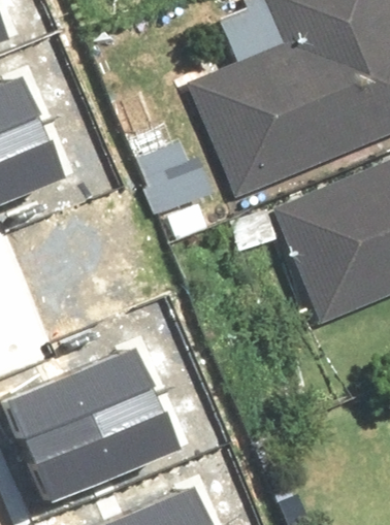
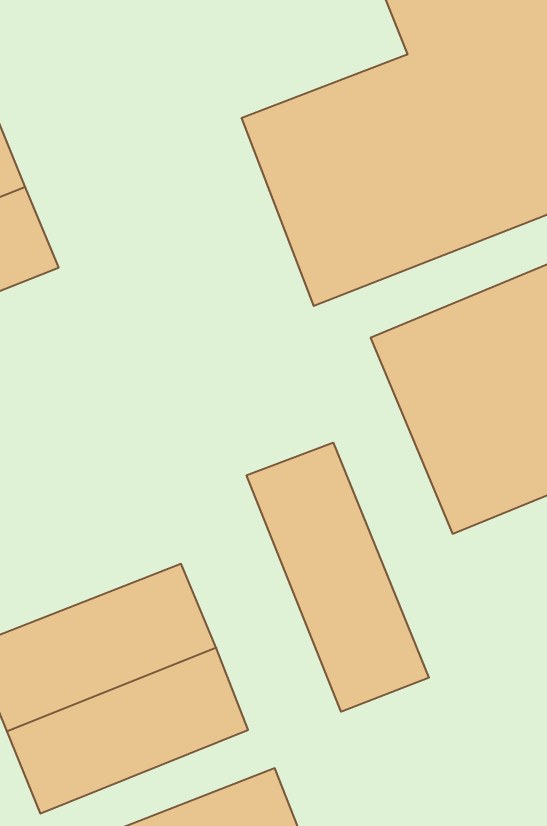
building: none -> [247,443,429,712]

